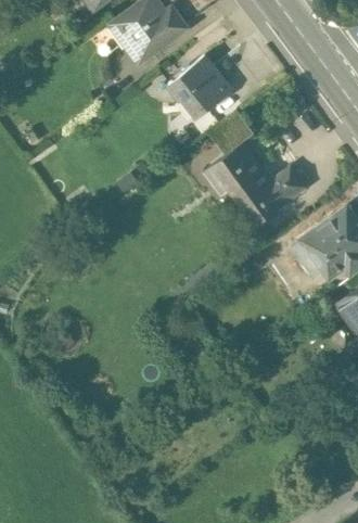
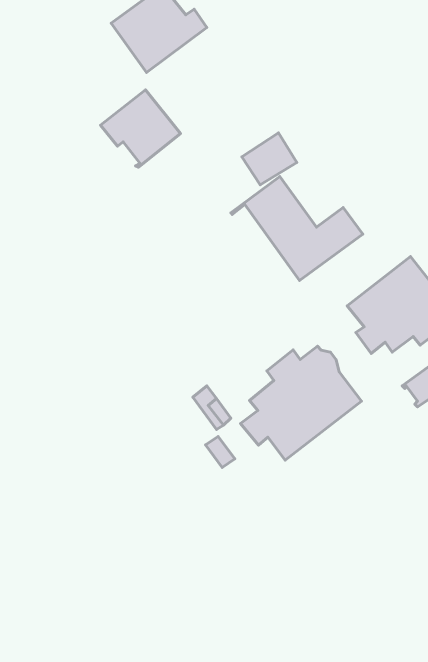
building: [168,58,230,117] -> [101,90,181,167]
building: none -> [241,346,361,460]

